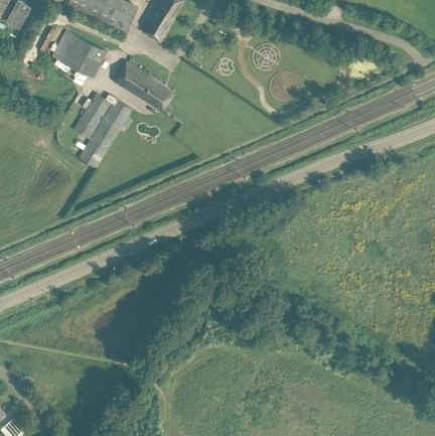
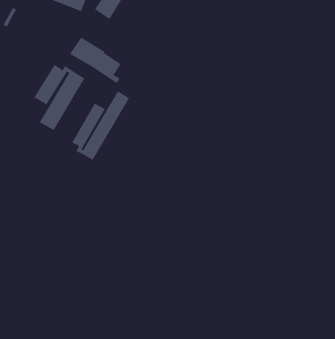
building: [52,29,107,77] -> none
building: none -> [72,91,130,160]

